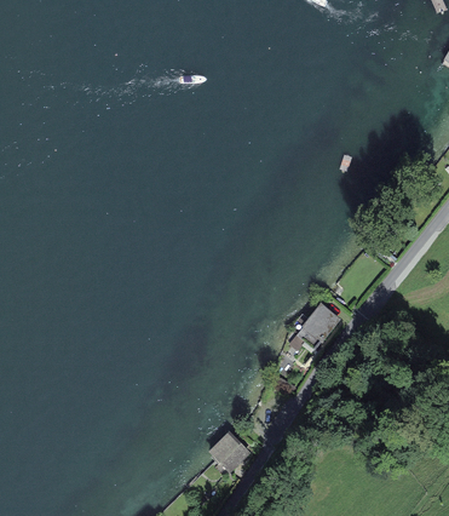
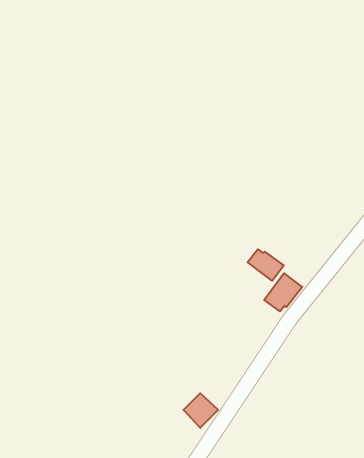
building: none -> [248,249,284,281]

